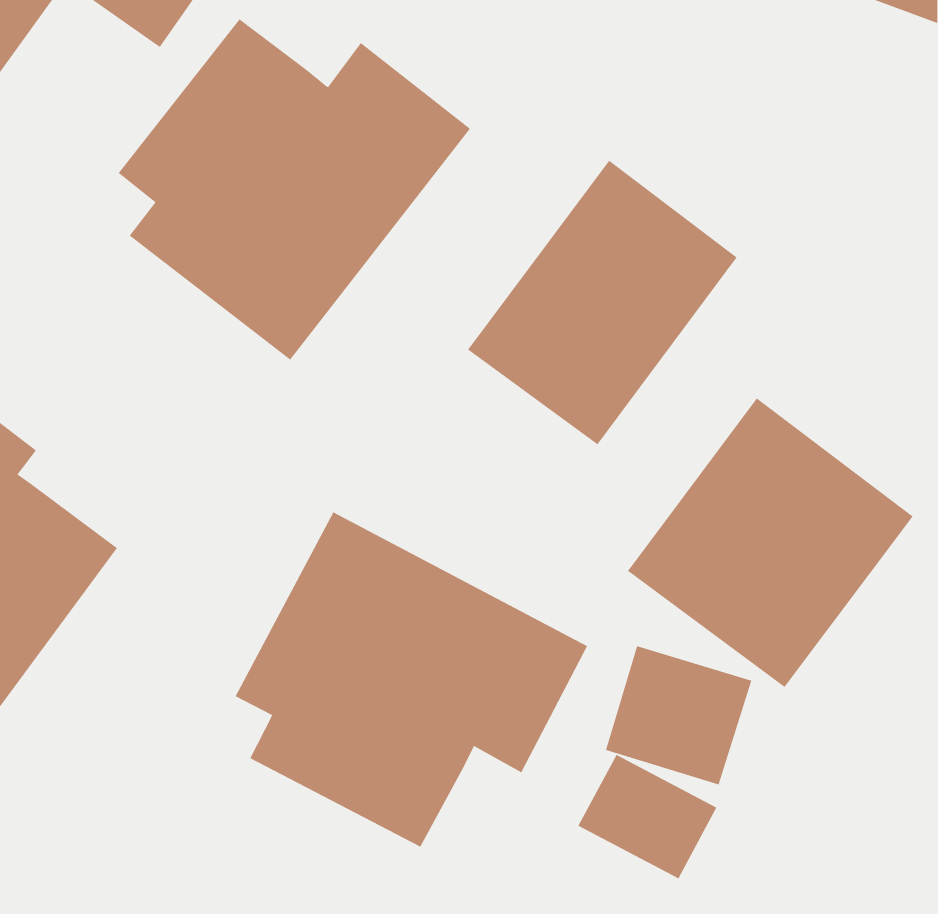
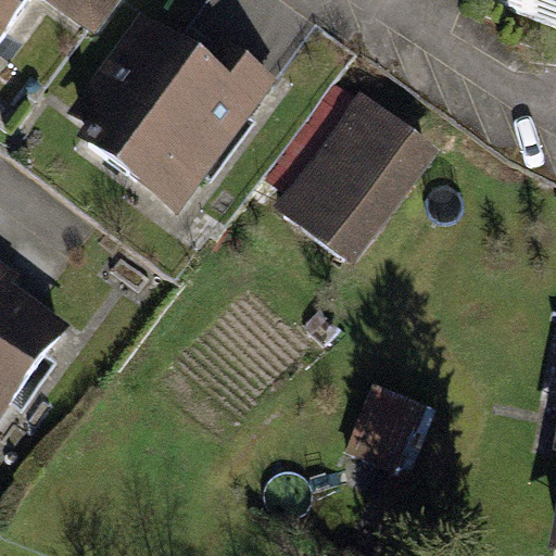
building: [627,397,913,688] -> none
building: [235,512,588,848] -> none

